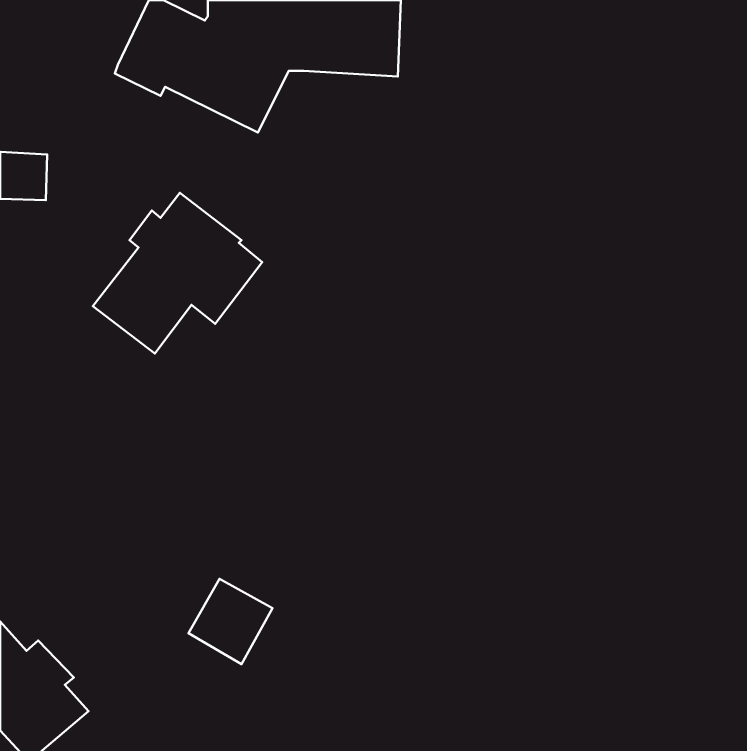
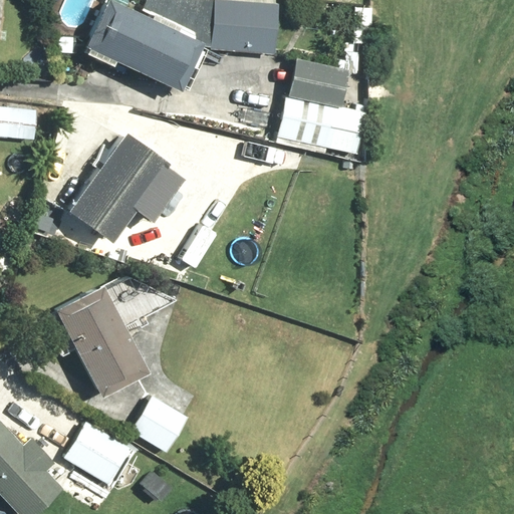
building: none -> [276,60,369,161]
building: none -> [48,283,148,392]
building: none -> [64,419,132,483]

